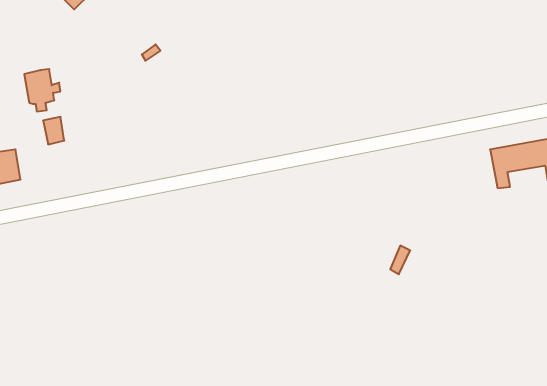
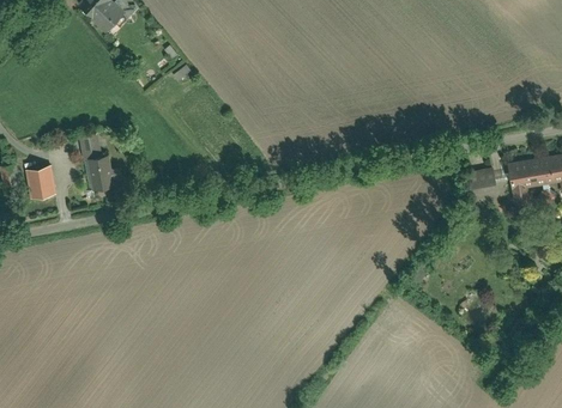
building: [24,69,60,111] -> [83,156,117,196]
building: none -> [471,169,498,194]

